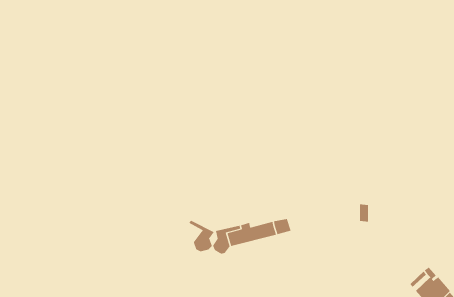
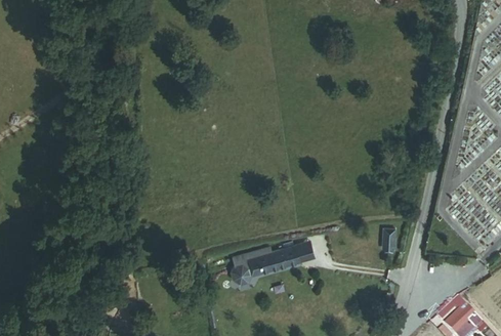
building: [188,220,214,252] -> none

